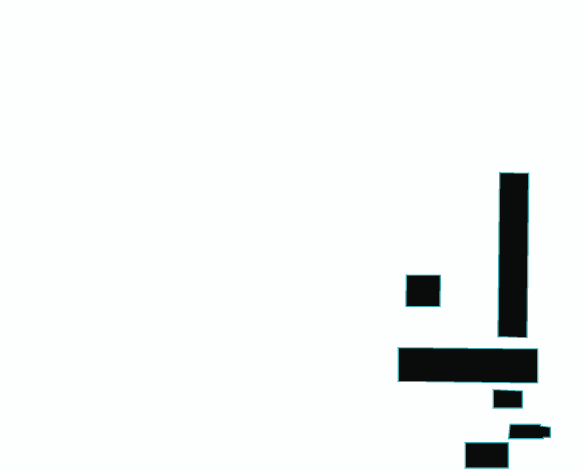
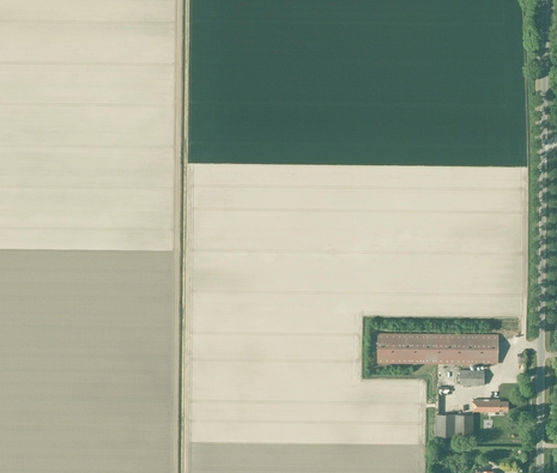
building: [498,172,528,338] -> none
building: [406,275,440,307] -> none

